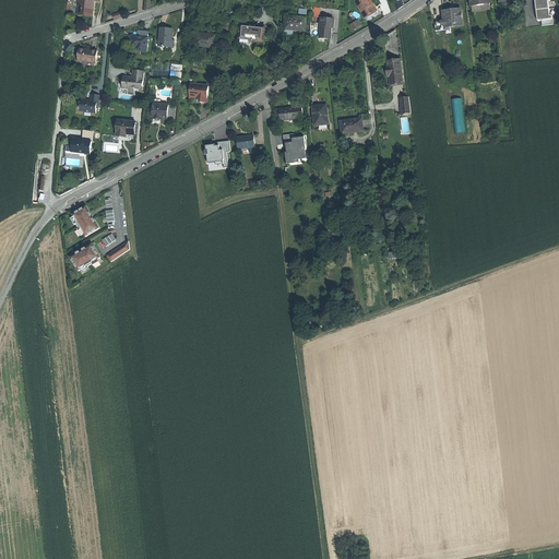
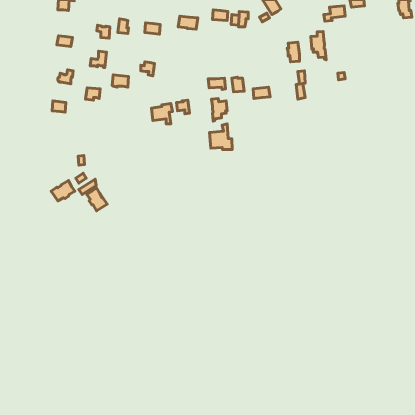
building: none -> [311,31,326,60]
building: none -> [210,124,232,150]
building: [72,205,99,236] -> [87,188,107,211]

